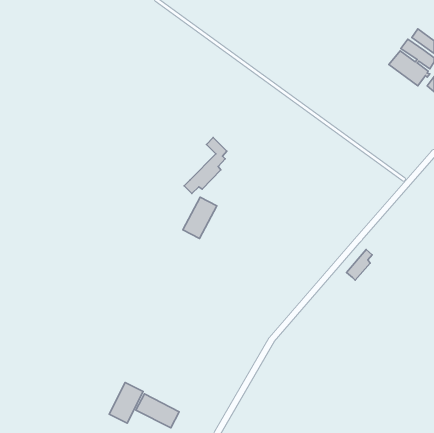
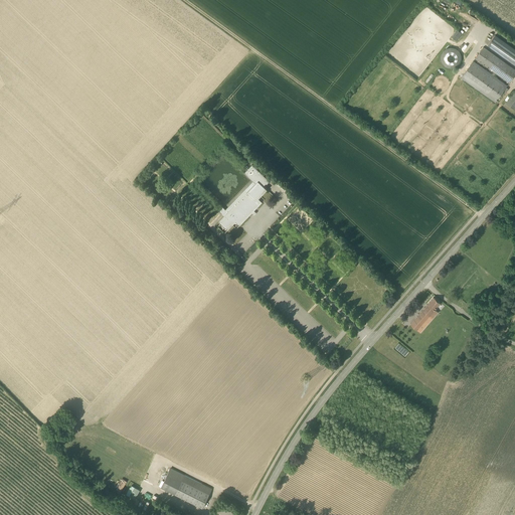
building: [183,197,217,239] -> none
building: [109,383,143,423] -> none

